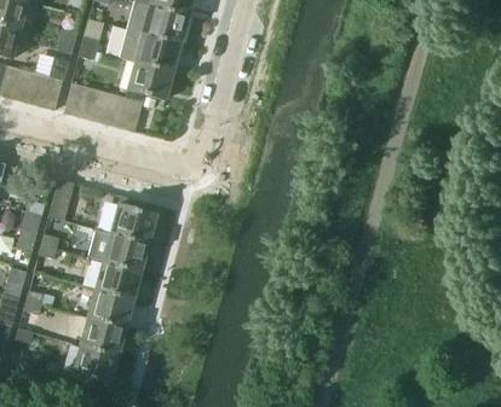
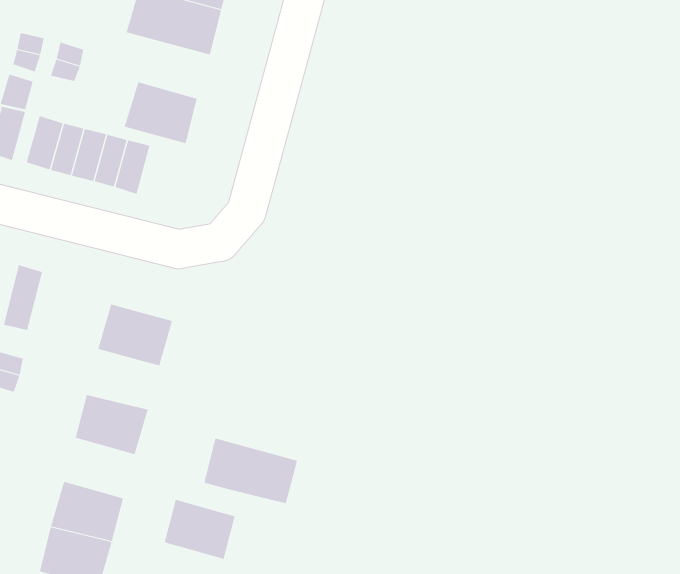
building: [120,28,182,70] -> none
building: [88,227,149,269] -> [203,438,298,504]
building: [87,287,133,326] -> [164,499,235,559]

